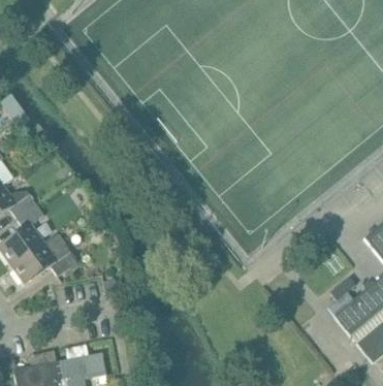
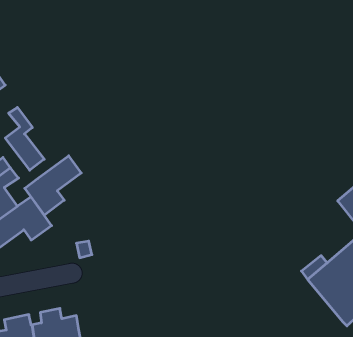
building: none -> [5,107,44,170]
building: none -> [25,156,81,215]

